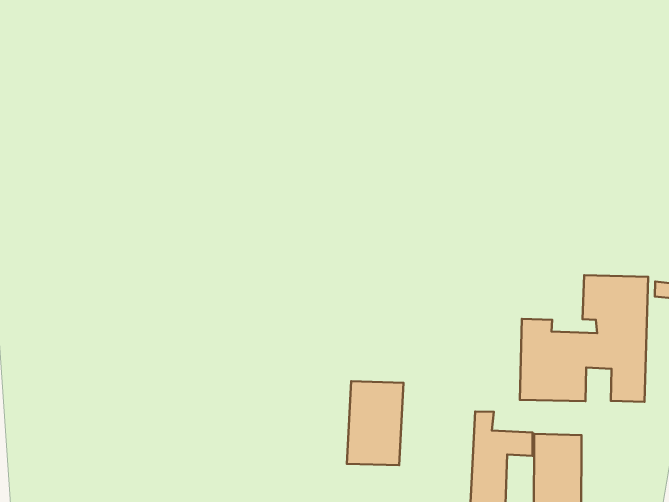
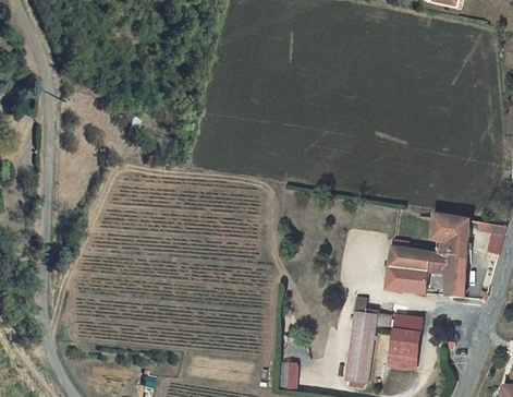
building: [347,381,403,465] -> none

